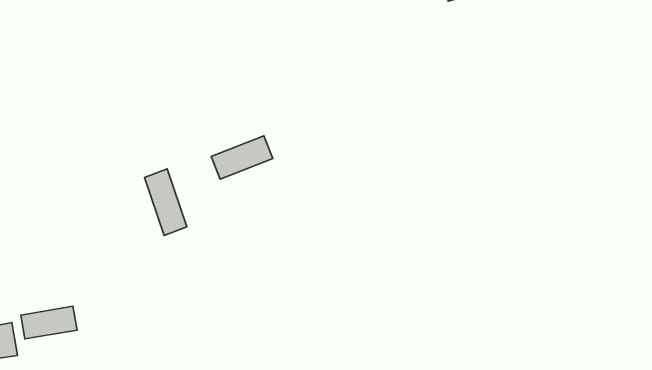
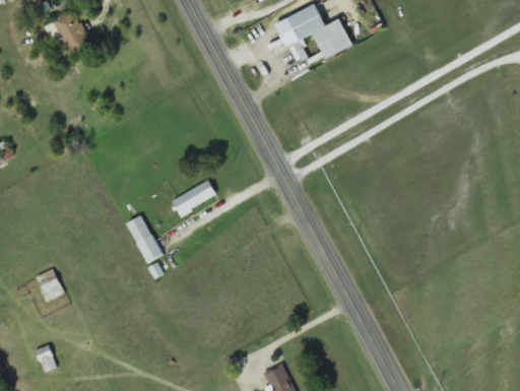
building: none -> [35,268,63,301]
building: [21,306,77,339] -> none

